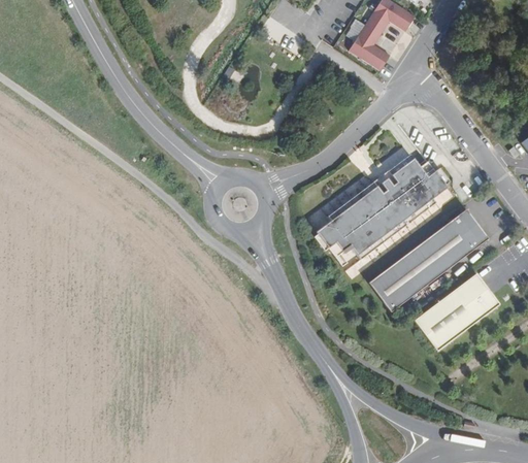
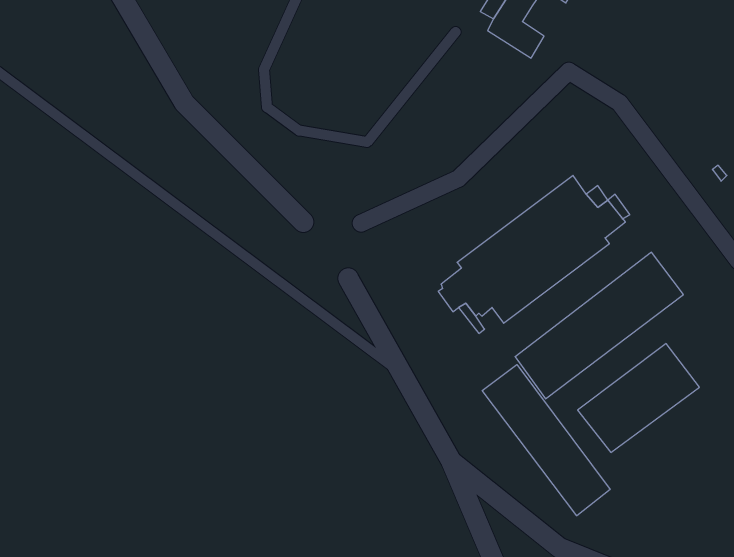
building: none -> [482,365,610,516]

